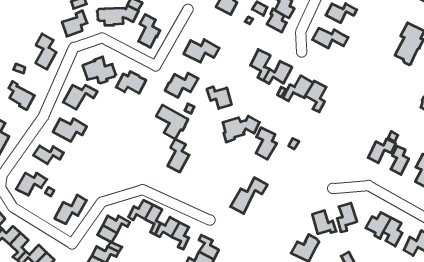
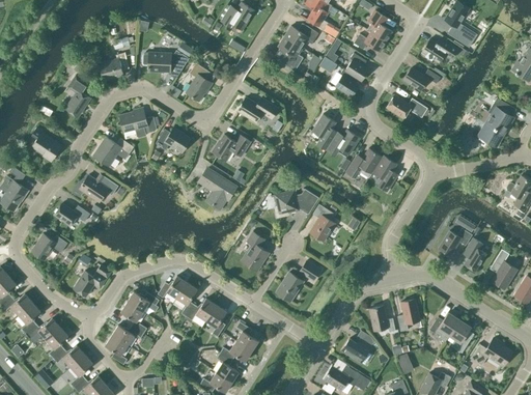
building: [207,87,231,109] -> none
building: [168,139,189,172] -> [242,231,268,270]

